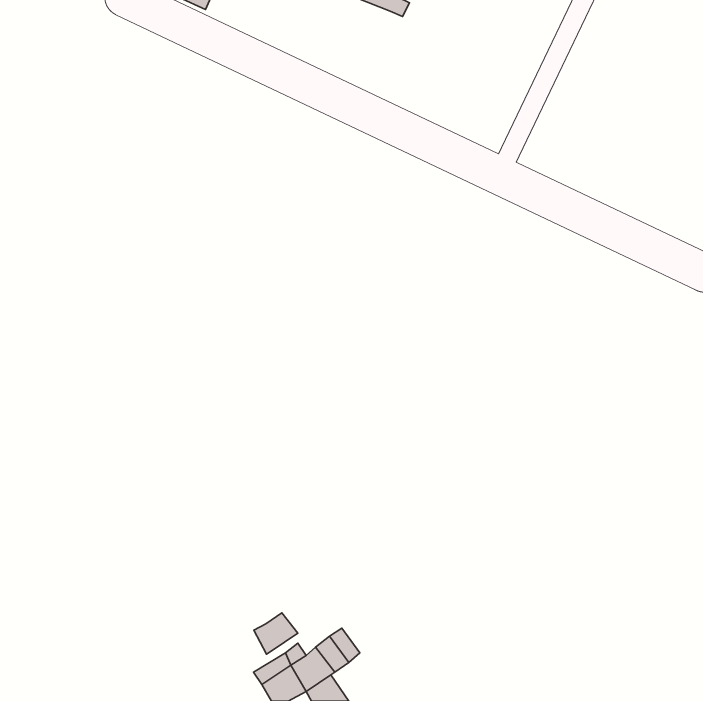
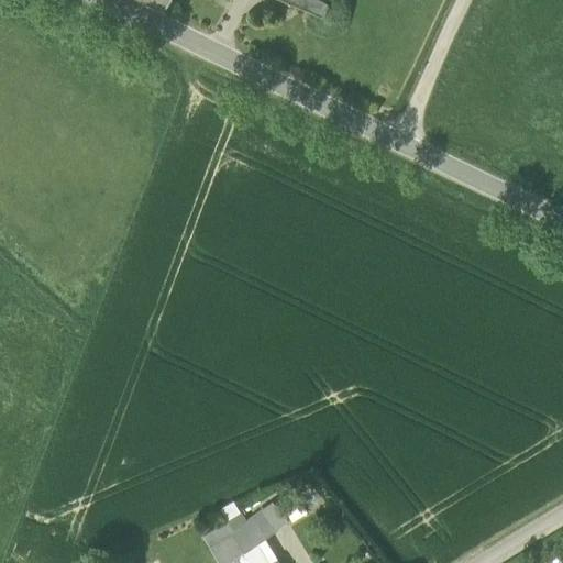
building: [254,613,298,654] -> none

